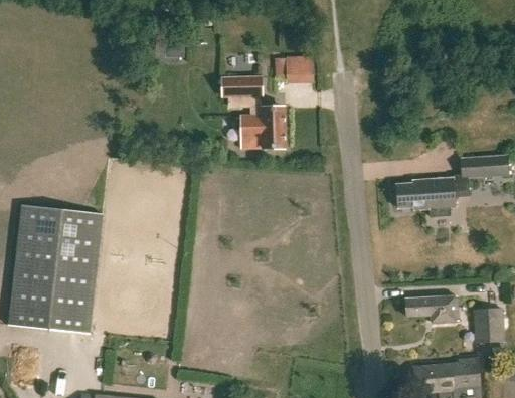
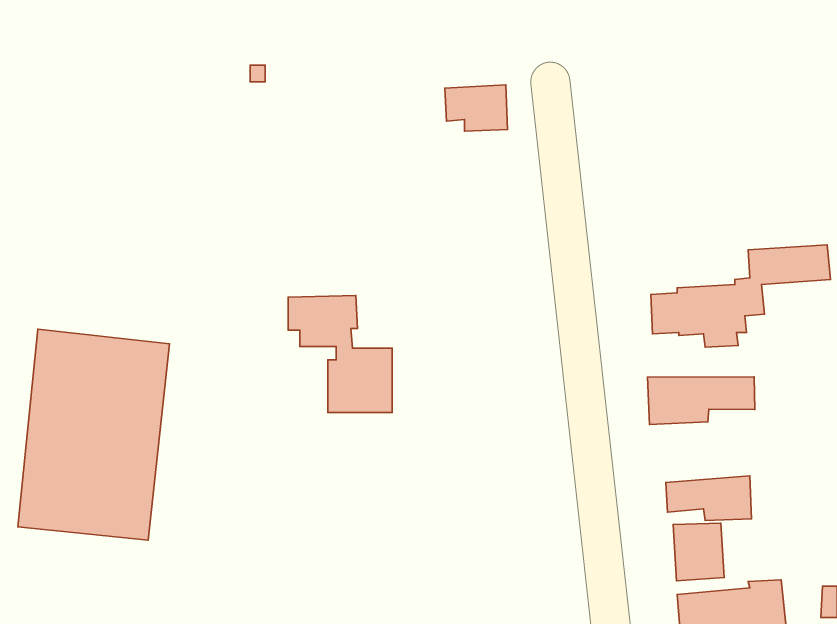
building: [218,76,282,148] -> [288,295,392,412]
building: none -> [648,377,755,424]
building: [470,308,501,343] -> [673,523,724,581]

